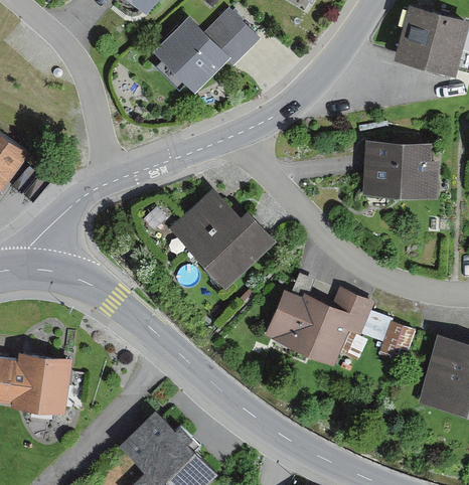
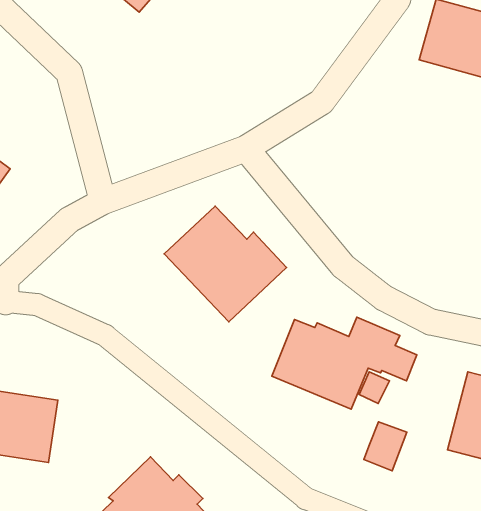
building: [152,10,259,95] -> none
building: [362,141,439,200] -> none
building: [377,323,416,366] -> [364,422,407,471]

